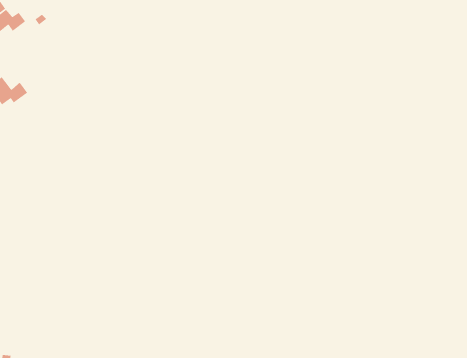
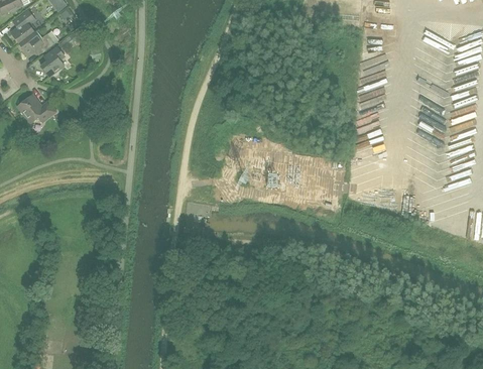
building: none -> [39,45,63,76]

